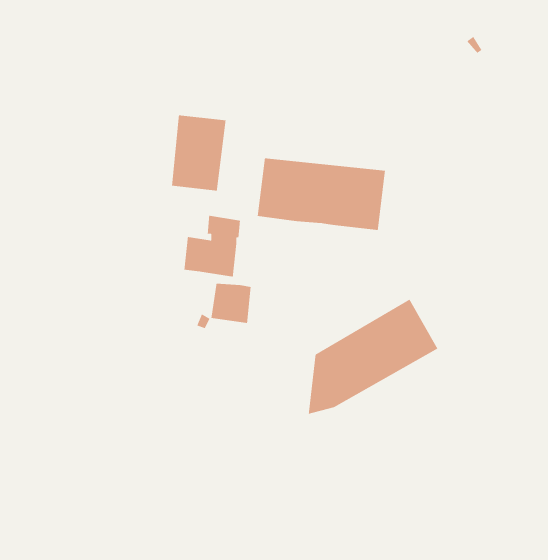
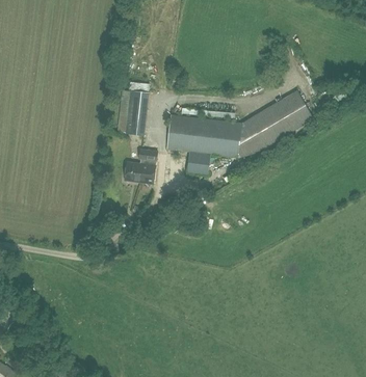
building: [210,283,252,324] -> [186,152,210,176]
building: [308,299,438,415] -> [237,89,313,157]

